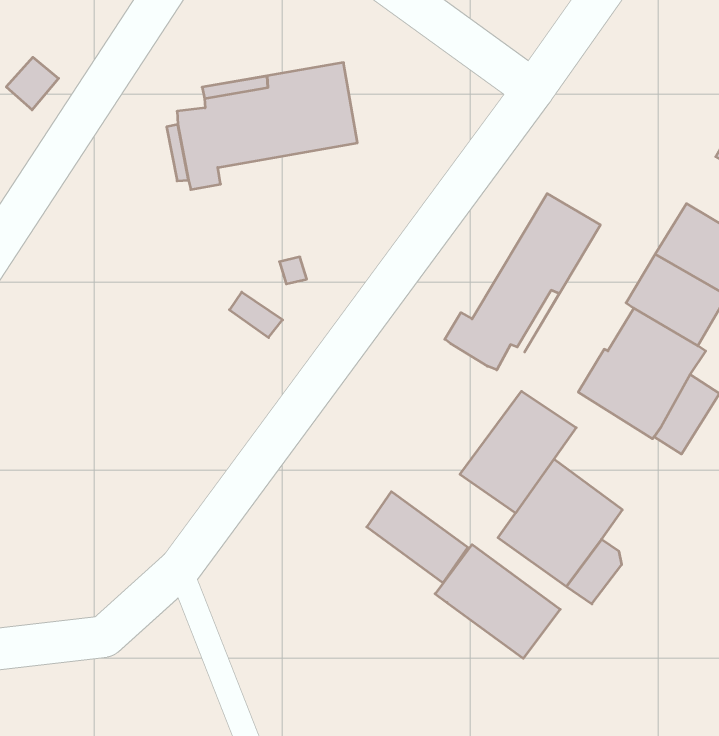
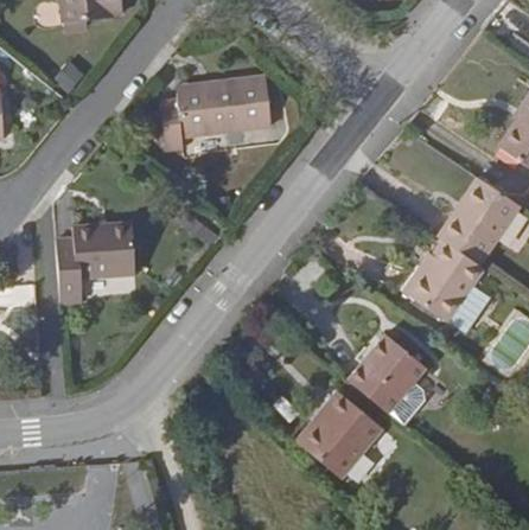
building: [445,194,600,370] -> none
building: none -> [57,223,136,302]
building: [460,391,576,513] -> none
building: [367,492,468,583] -> [297,420,359,479]

